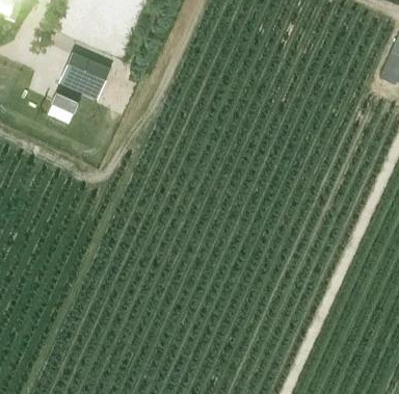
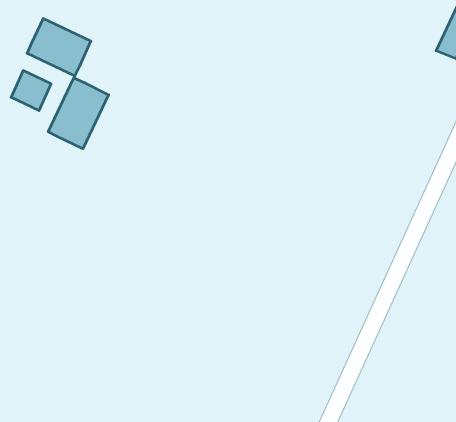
building: none -> [48,78,109,149]

